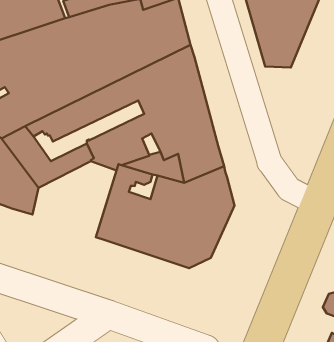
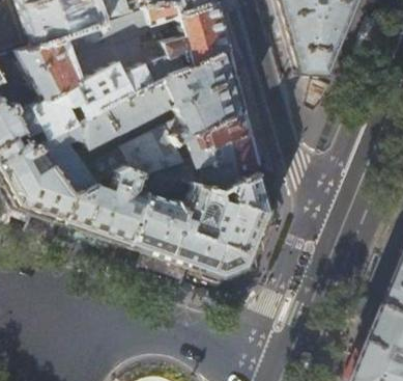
building: none -> [62,165,147,242]

